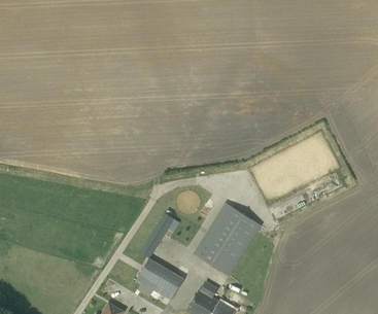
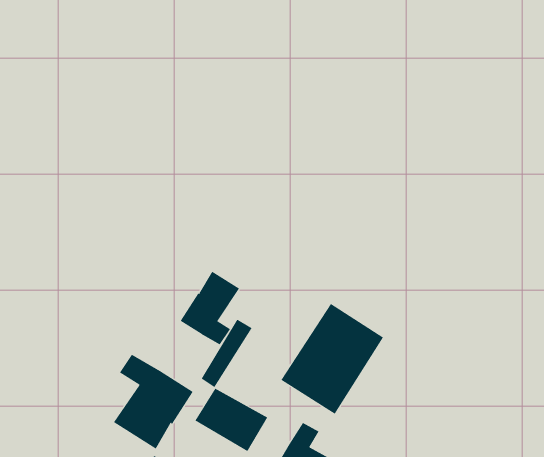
building: none -> [180,271,240,345]
building: none -> [113,354,193,450]

